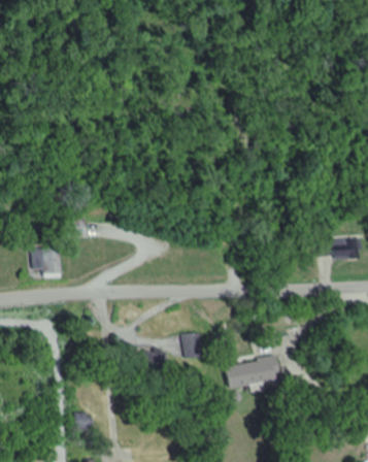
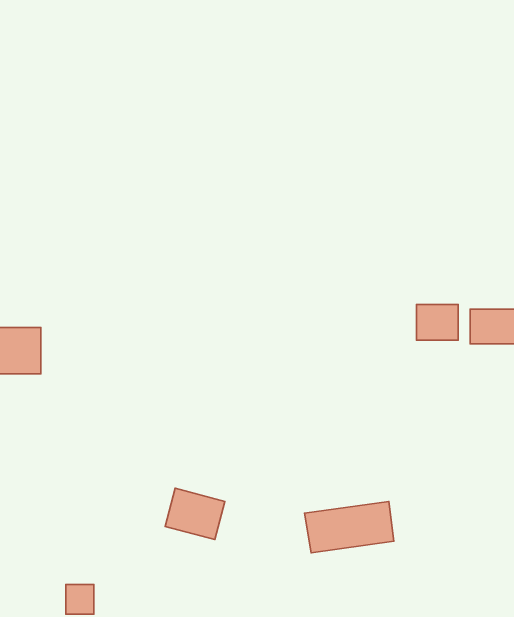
building: none -> [416,304,458,340]
building: [183,333,203,358] -> none

